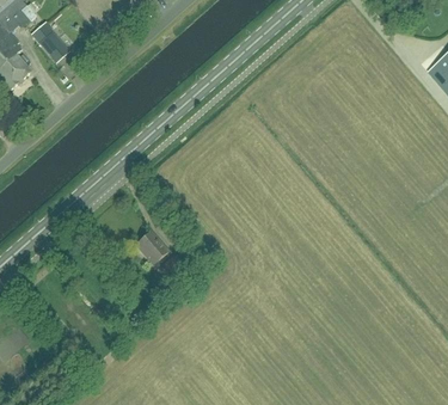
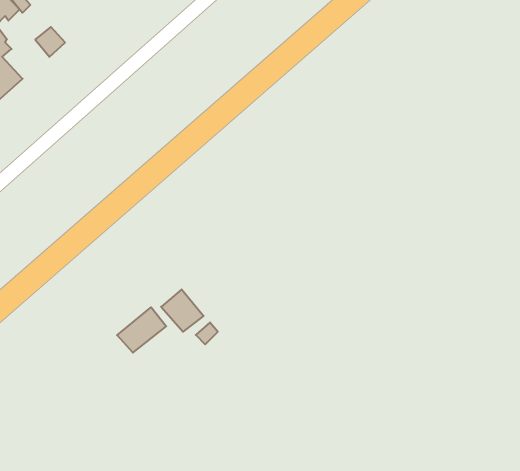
building: none -> [117,307,166,353]

